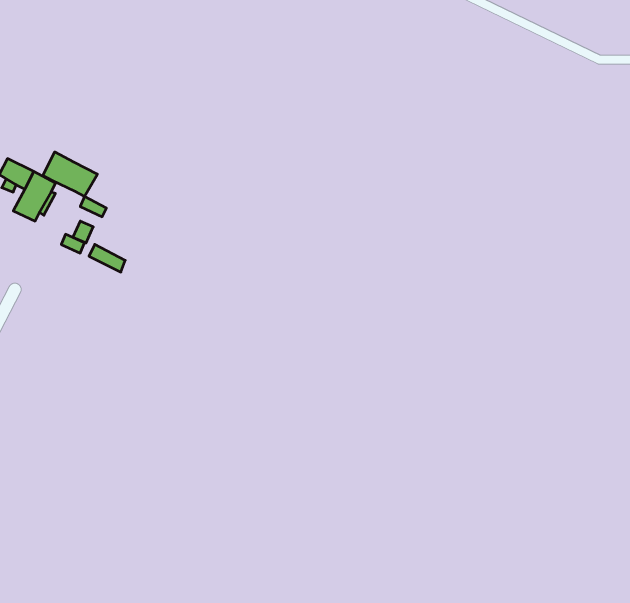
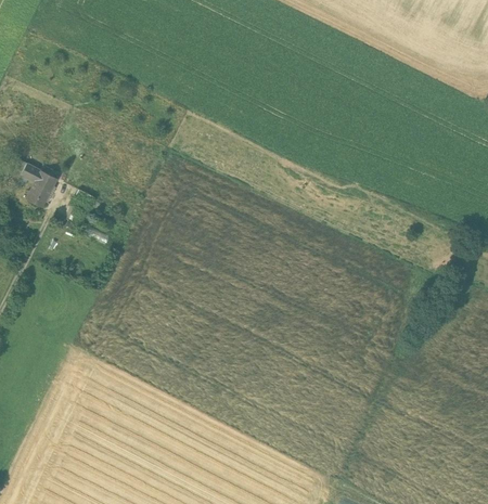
building: [43,152,97,196] -> none

